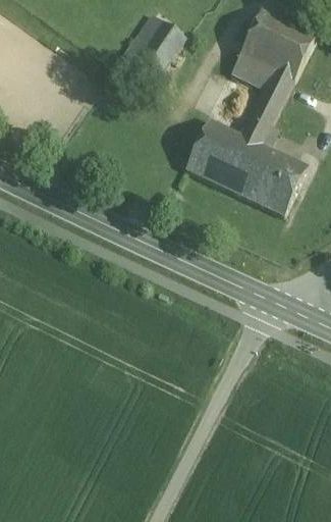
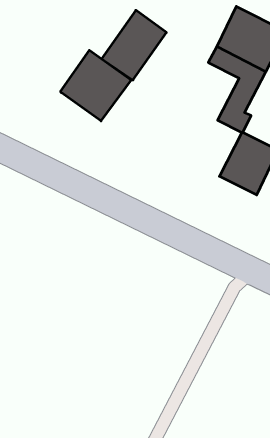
building: none -> [61,50,131,121]
building: [185,118,268,195] -> none

